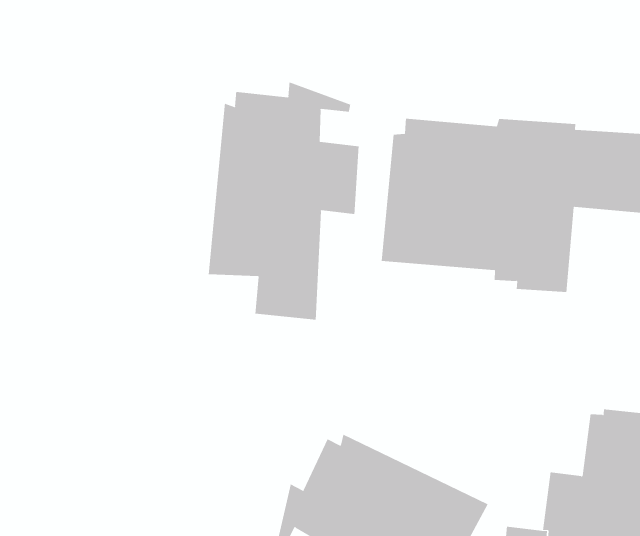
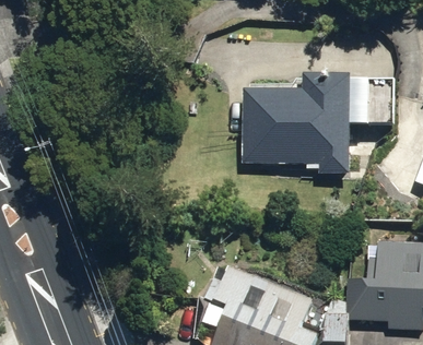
building: [208,81,359,321] -> none

